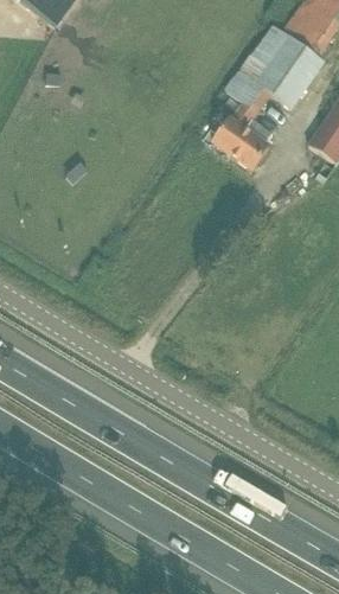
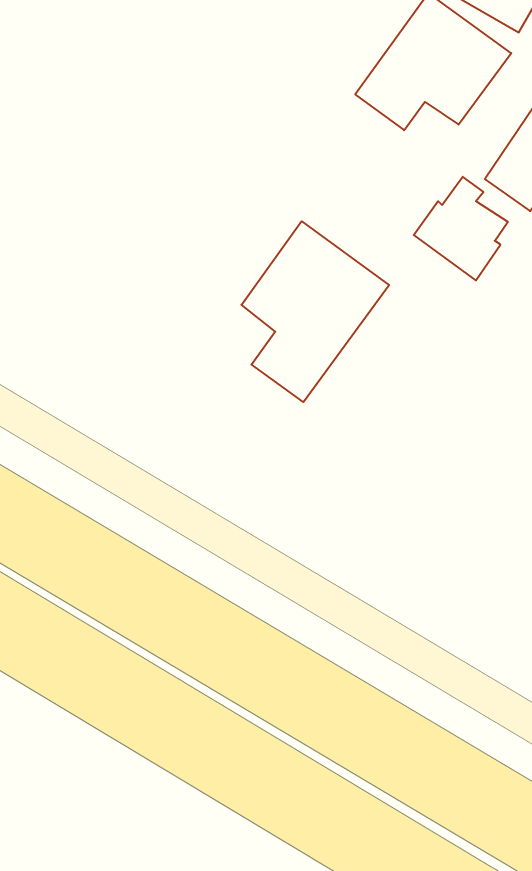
building: [213,102,273,167] -> [414,177,508,280]
building: none -> [241,221,389,402]

